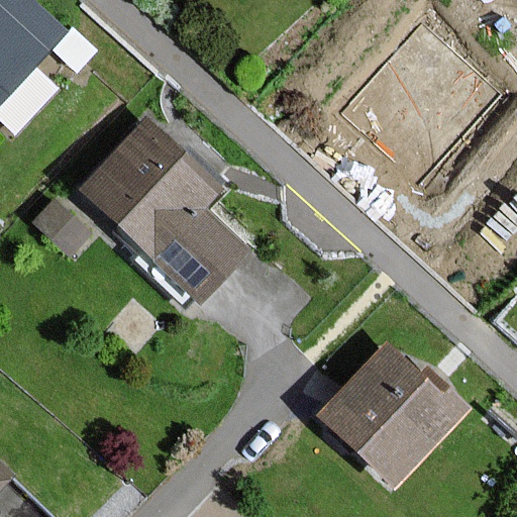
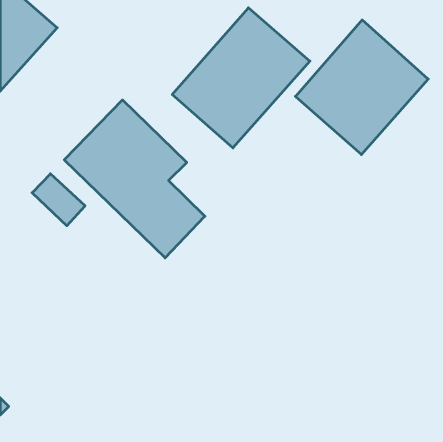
building: none -> [172,8,310,148]
building: [319,342,462,486] -> none

